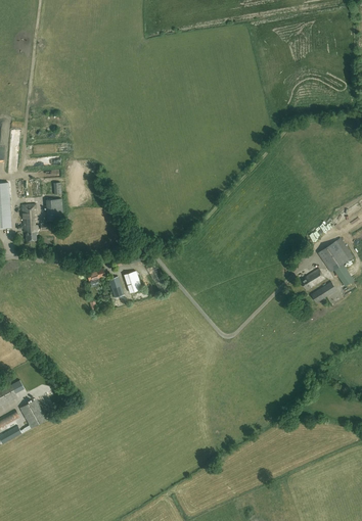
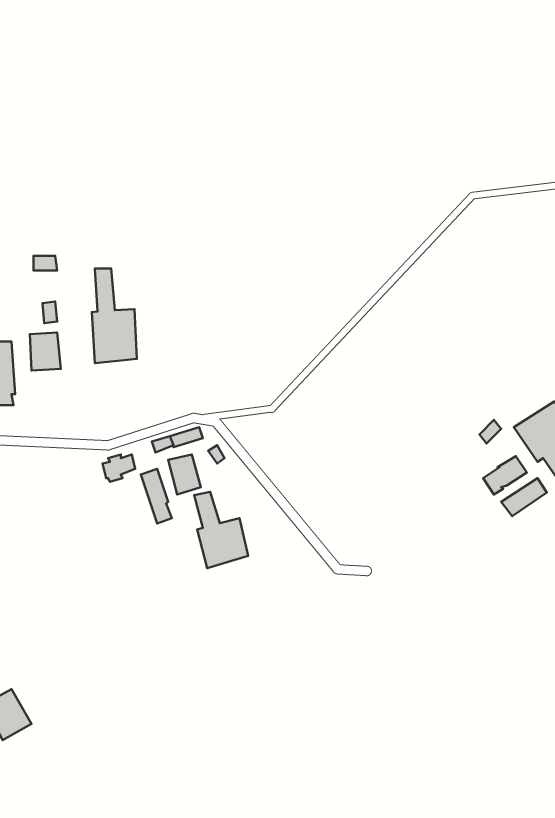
building: none -> [92,268,137,363]
building: none -> [194,492,248,568]

